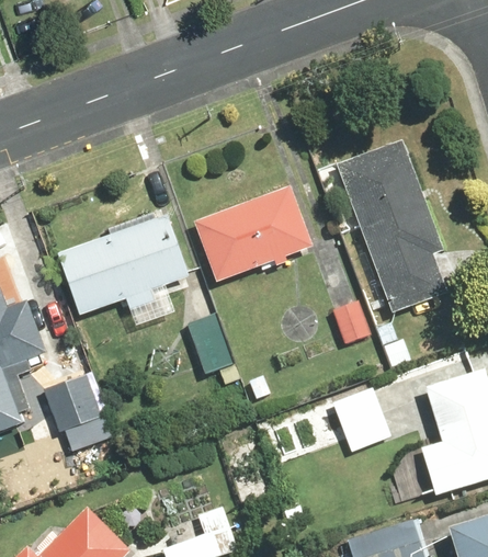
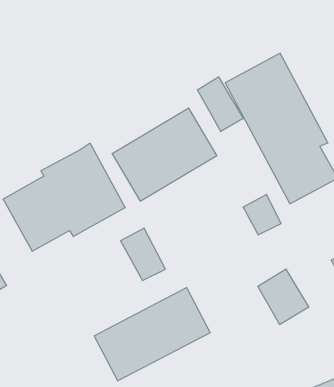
building: none -> [197,77,243,132]
building: [41,372,102,434] -> none
building: none -> [94,288,210,381]

